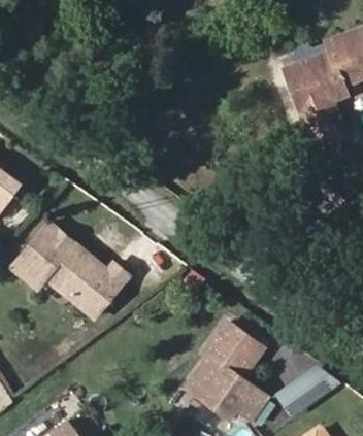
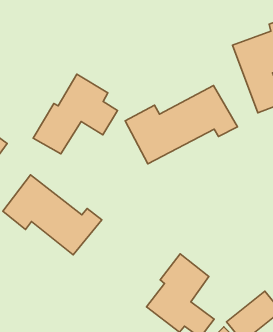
building: none -> [33,74,117,154]
building: none -> [125,86,238,164]

